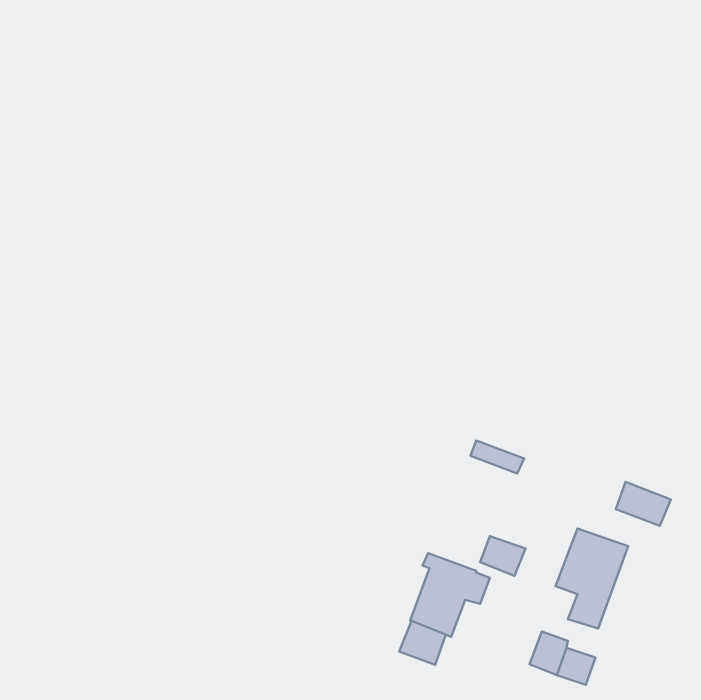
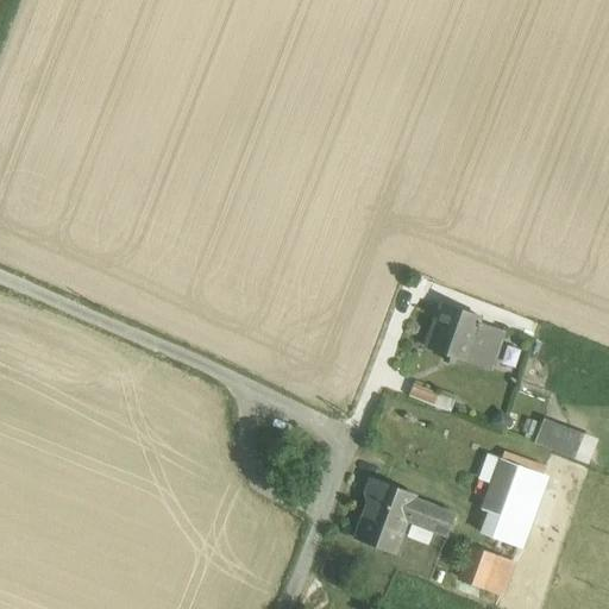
building: none -> [425,302,503,368]
building: [480,536,525,576] -> [416,501,456,535]
building: [399,621,446,665] -> none

